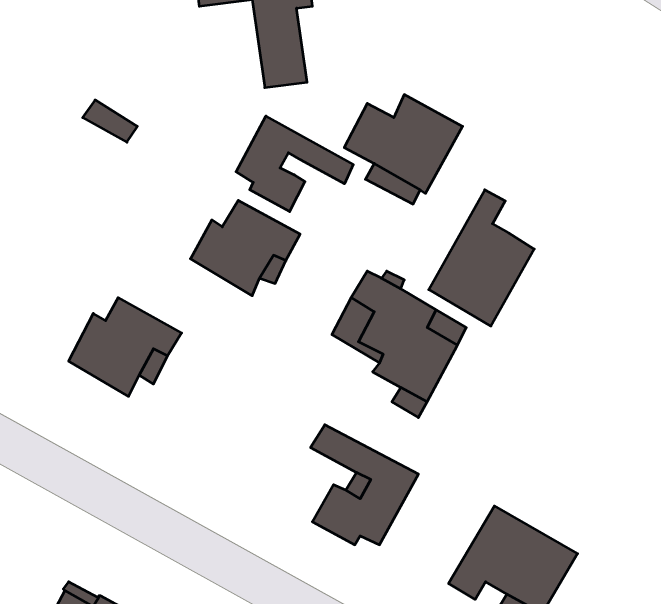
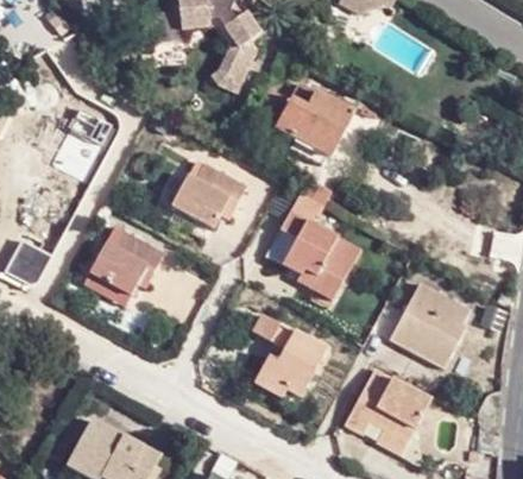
building: [236,116,353,212] -> none
building: [429,190,534,326] -> none
building: none -> [389,283,468,370]

